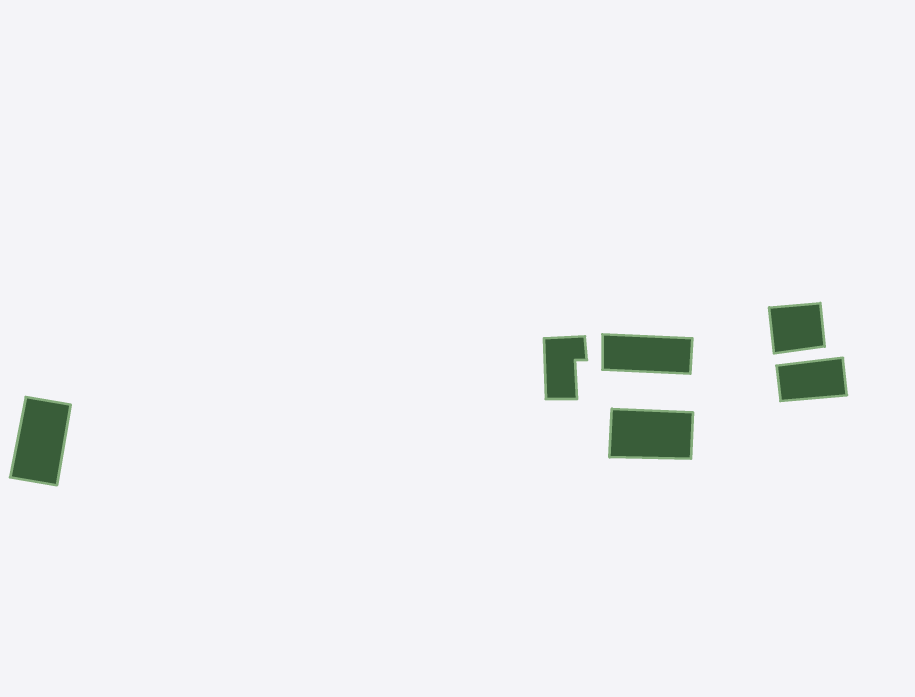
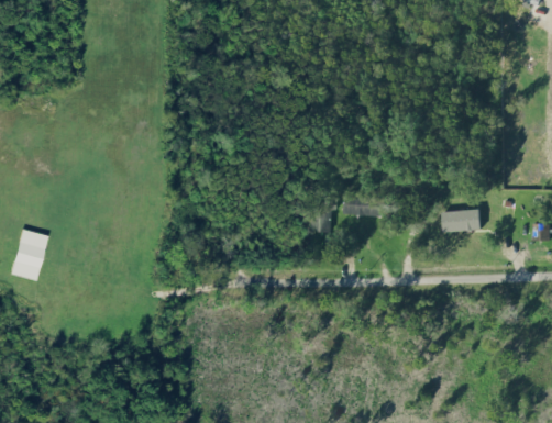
building: [769,303,825,353] -> none
building: [610,409,693,459] -> none

